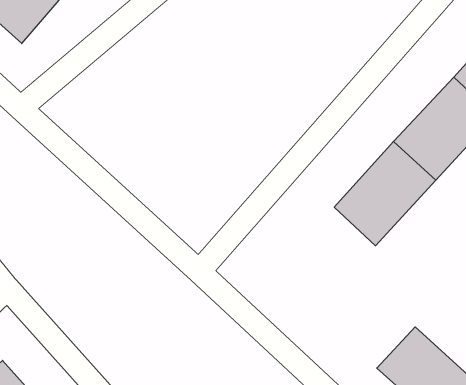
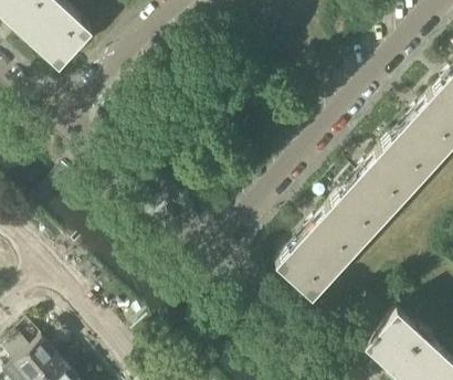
building: none -> [276,211,364,300]

